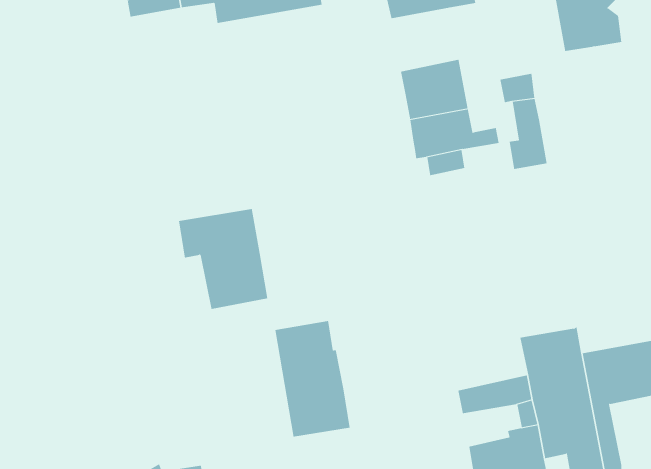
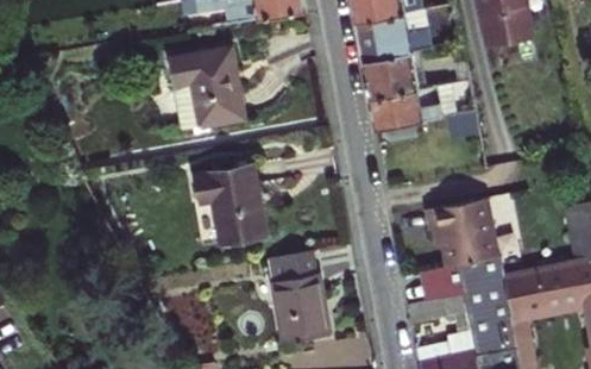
building: none -> [358,13,432,62]
building: none -> [170,48,243,130]
building: none -> [426,200,498,269]

